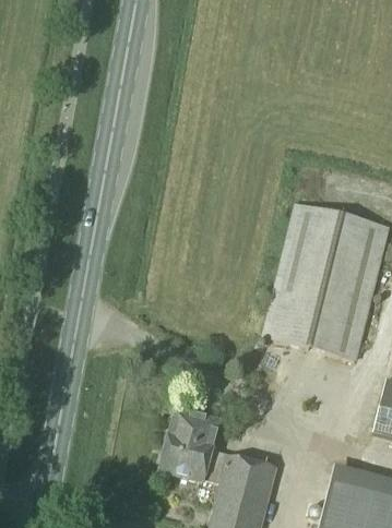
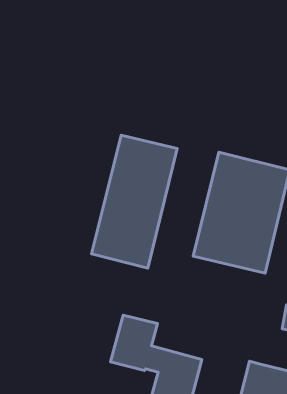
building: none -> [91,135,177,268]

